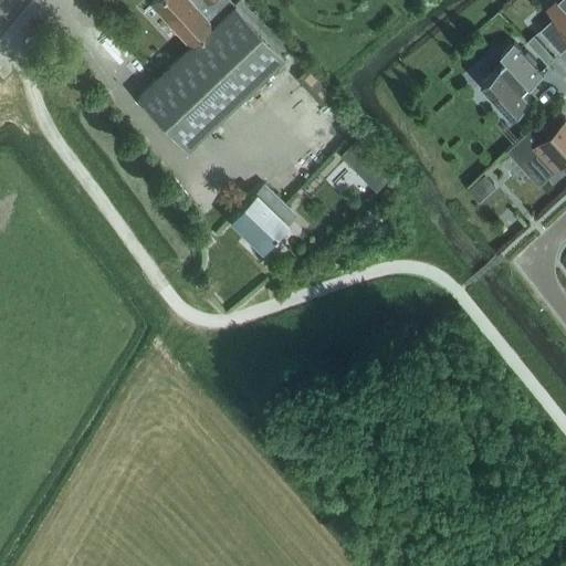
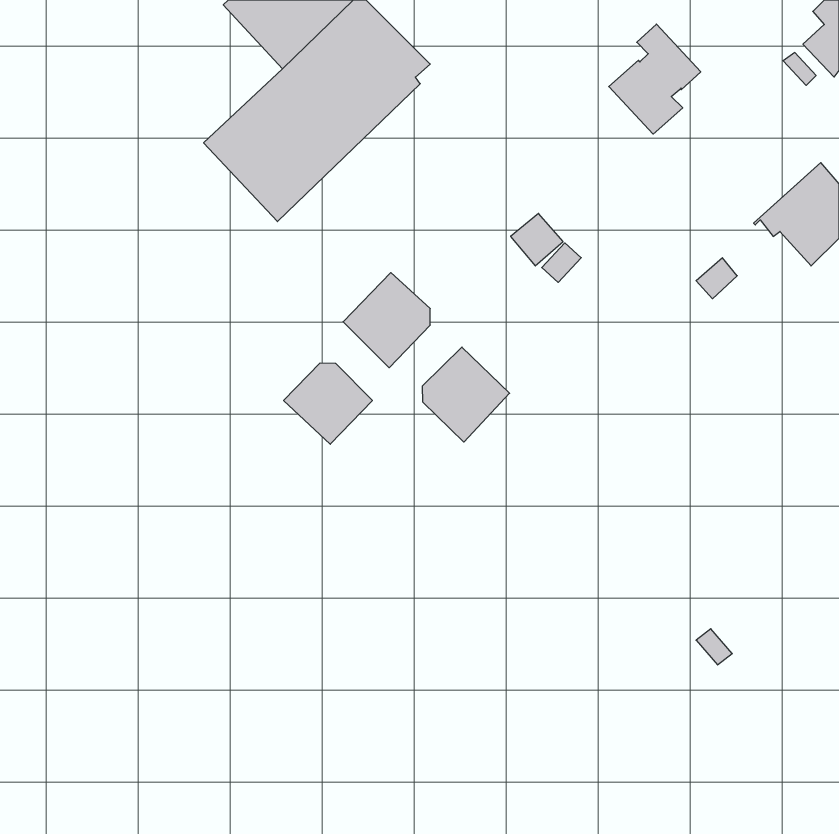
building: [482,44,544,118] -> [609,24,701,134]
building: none -> [423,347,510,442]
building: none -> [284,363,372,444]

